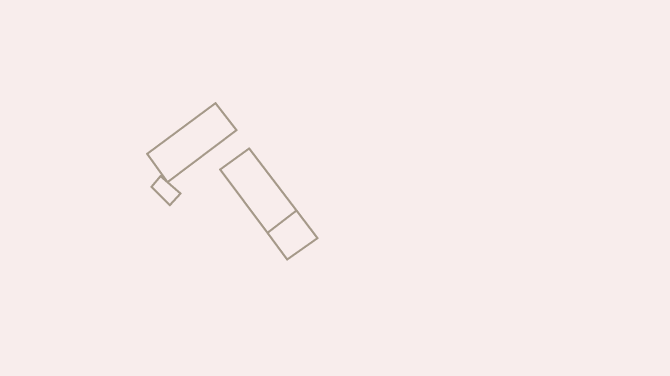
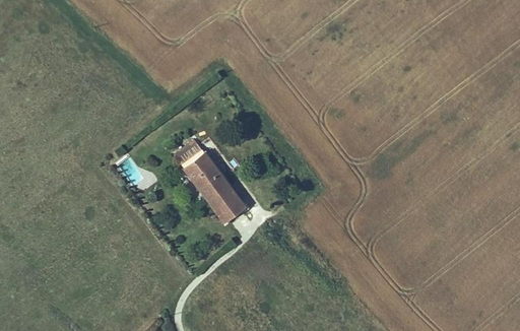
building: [147,103,237,182] -> none

